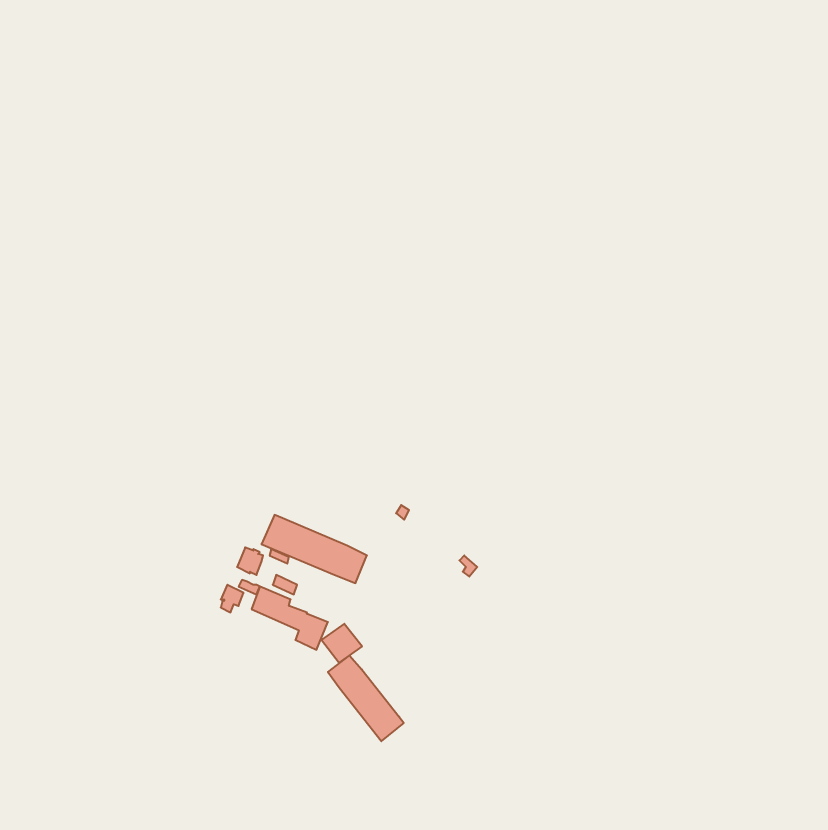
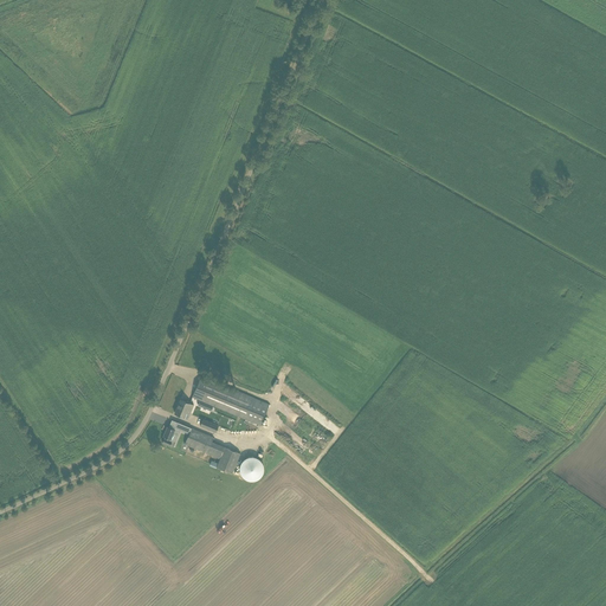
building: [328,656,404,741] -> none

